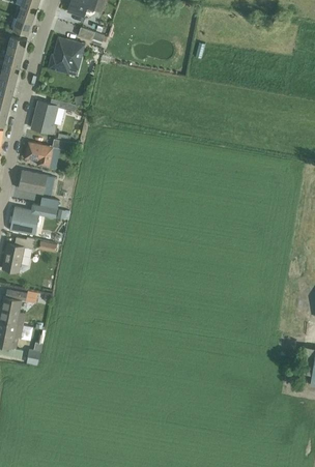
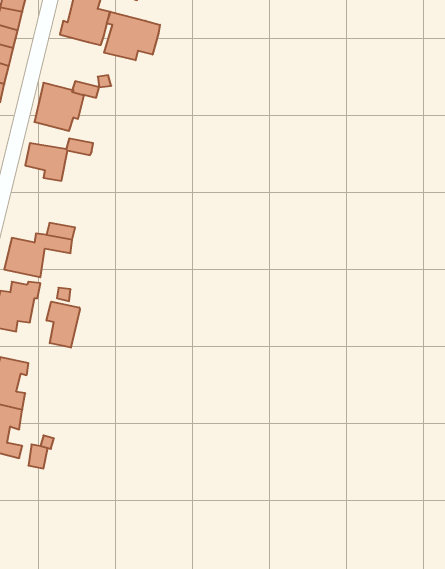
building: none -> [104,12,160,60]
building: [18,170,54,194] -> none
building: none -> [47,302,80,348]

